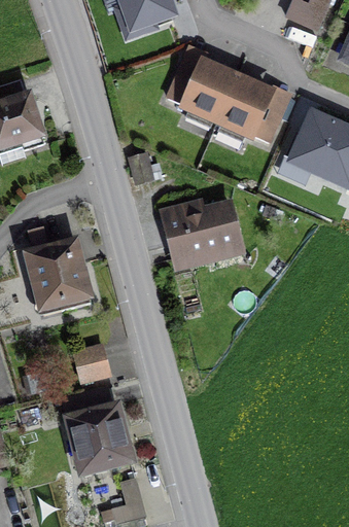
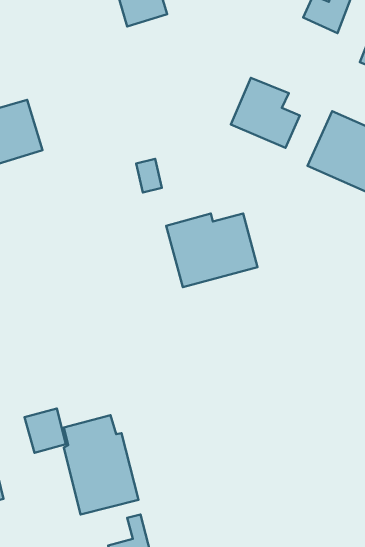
building: [168,59,237,117] -> none
building: [24,238,92,313] -> none
building: [72,344,110,385] -> [24,408,66,453]

